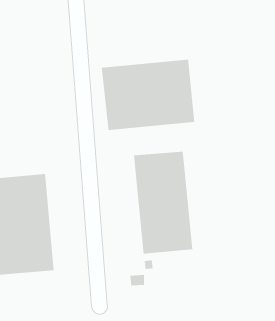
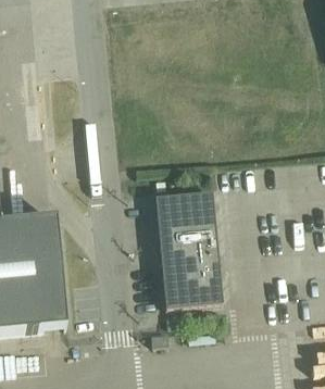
building: [101,59,195,131] -> none

